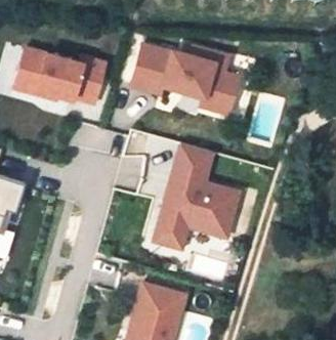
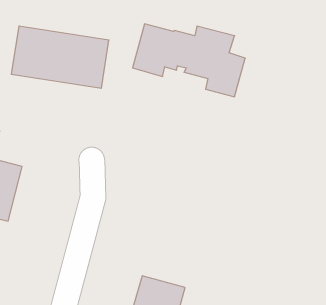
building: [154,143,239,249] -> none

